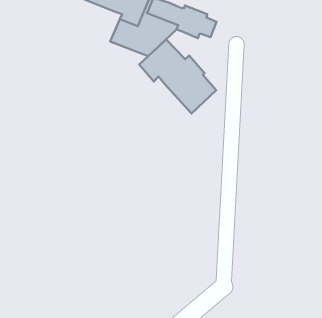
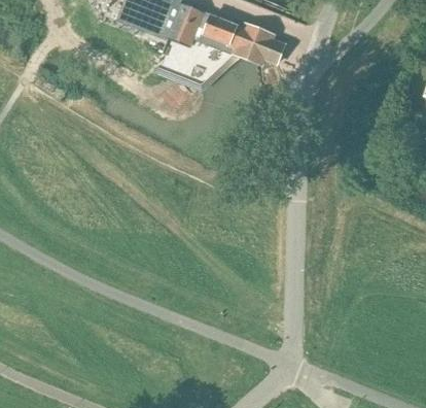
building: [139,39,216,113] -> none

